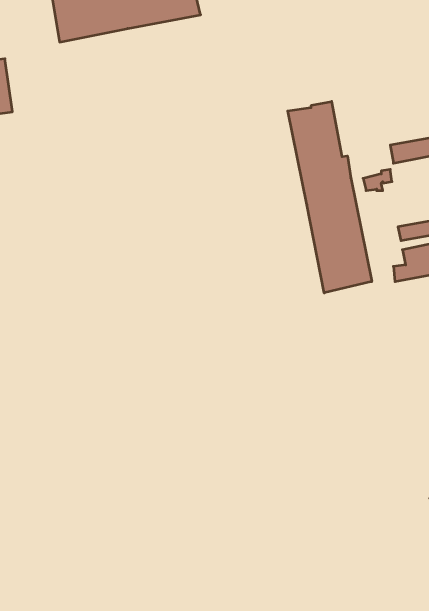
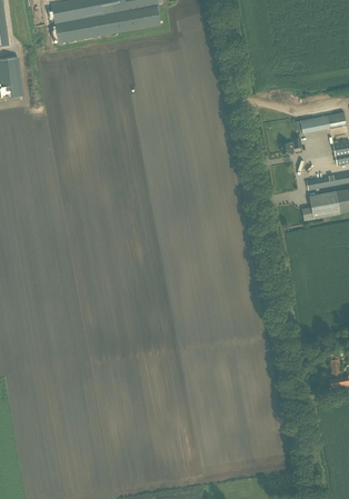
building: [288,101,372,293] -> none

